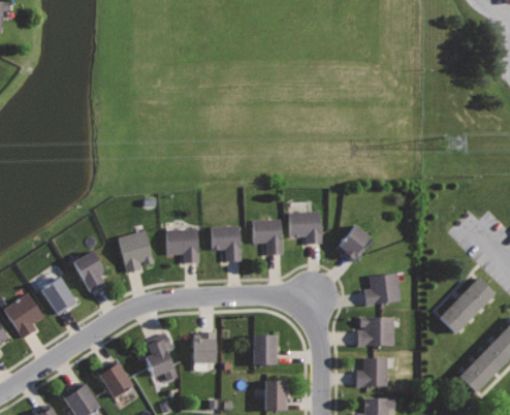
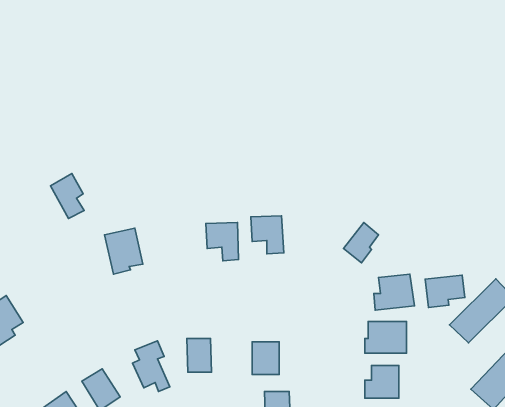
building: [288,211,321,244] -> none
building: [166,228,198,263] -> none
building: [73,250,104,291] -> [50,173,84,218]
building: none -> [425,275,465,307]
building: [40,277,76,315] -> none

